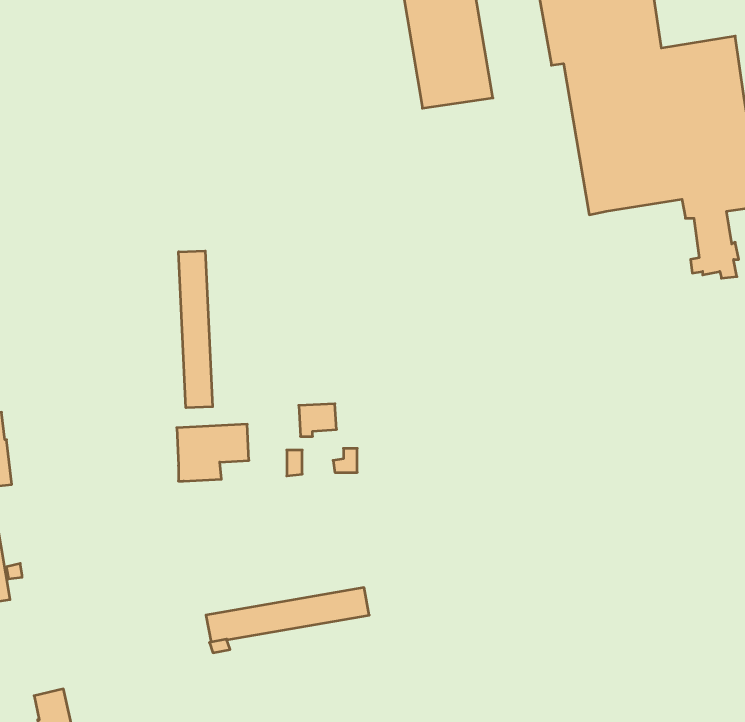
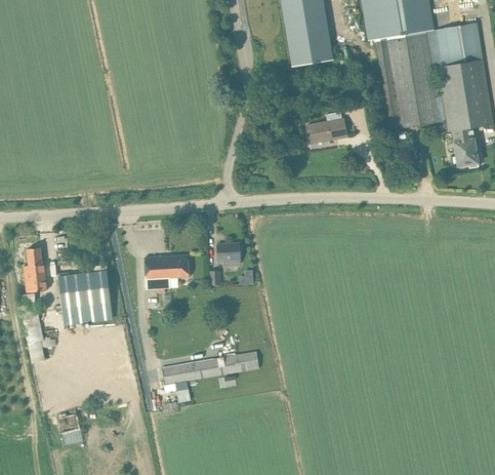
building: none -> [306,111,346,143]
building: [179,251,213,408] -> none
building: none -> [58,271,113,323]

